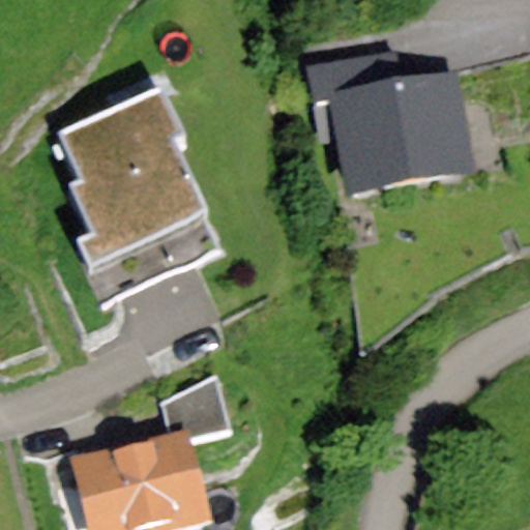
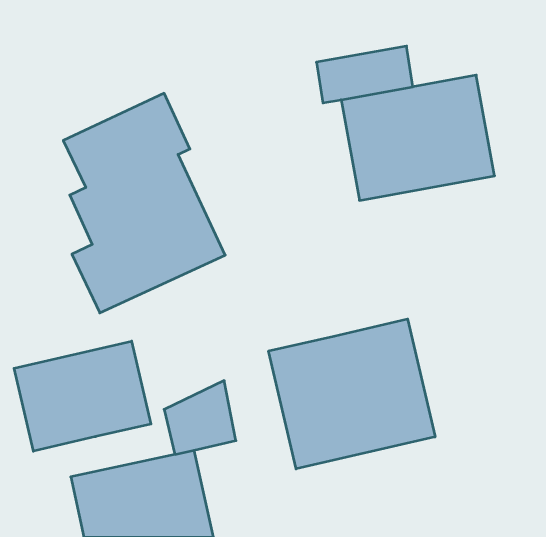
building: none -> [269,319,435,469]
building: none -> [14,341,151,451]

